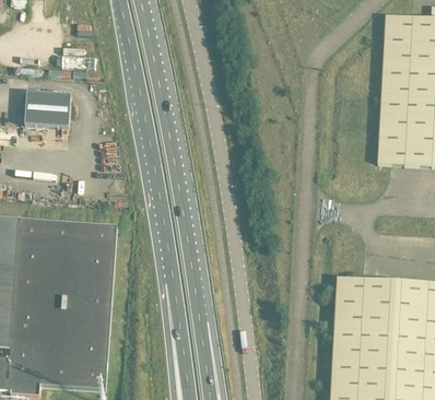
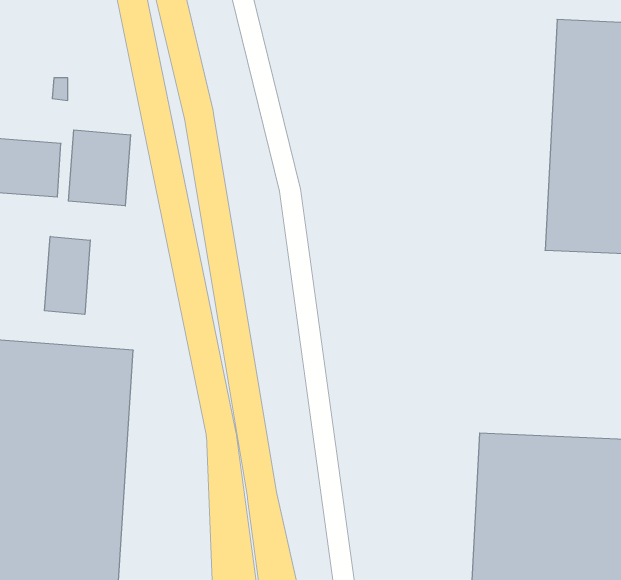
building: none -> [68,130,131,206]
building: none -> [45,236,90,314]

